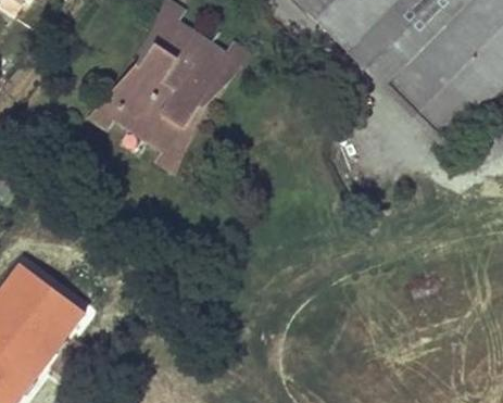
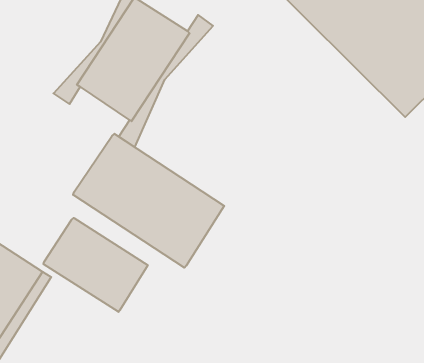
building: none -> [73,134,224,268]
building: none -> [43,218,148,312]

